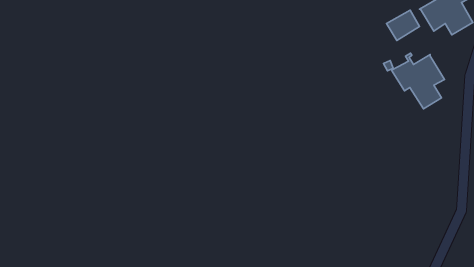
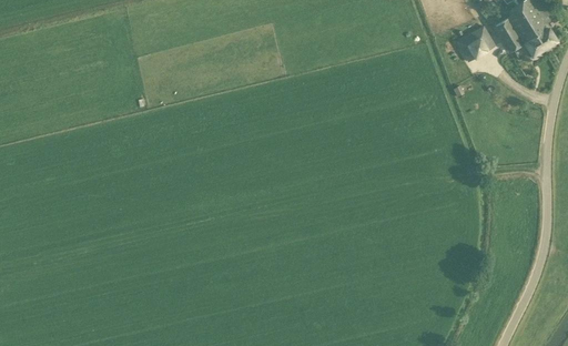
building: [392,53,444,109] -> none

